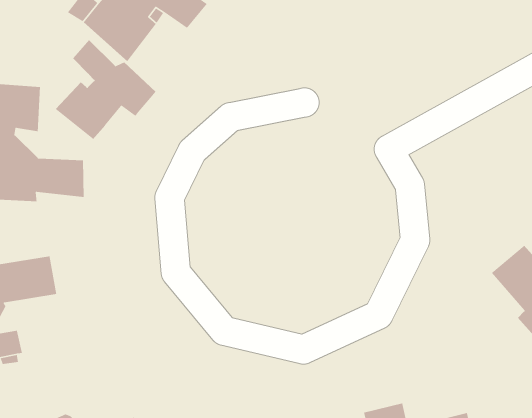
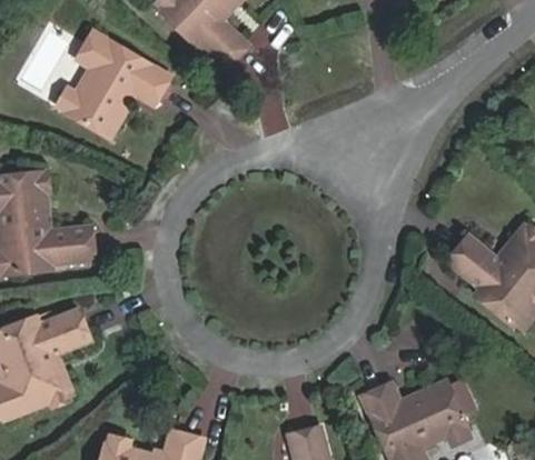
building: [55,39,157,140] -> none

